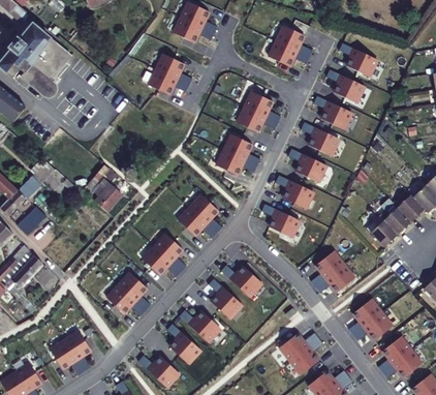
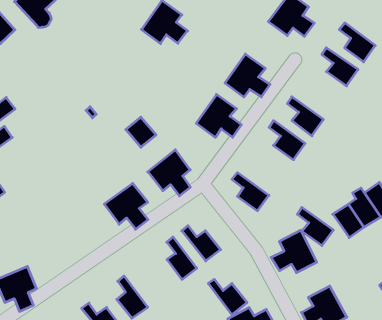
building: [313,98,350,131] -> none
building: [275,177,312,210] -> [297,207,333,246]
building: [93,179,123,208] -> [126,117,156,147]
building: [107,272,152,315] -> none
building: [180,310,220,341] -> [208,279,247,315]

